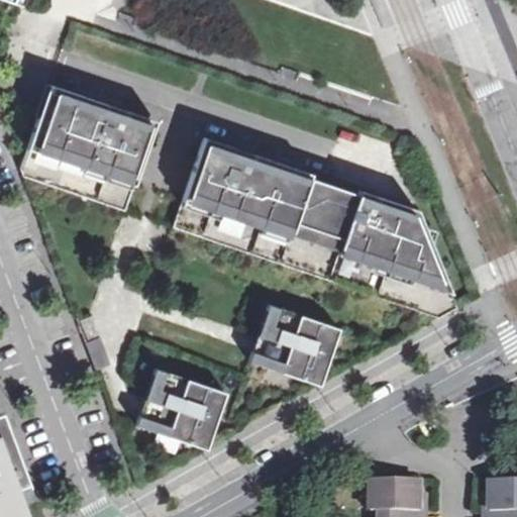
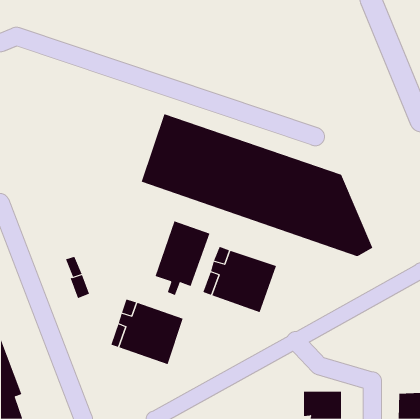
building: [17,86,156,209] -> none
building: none -> [155,221,210,296]

